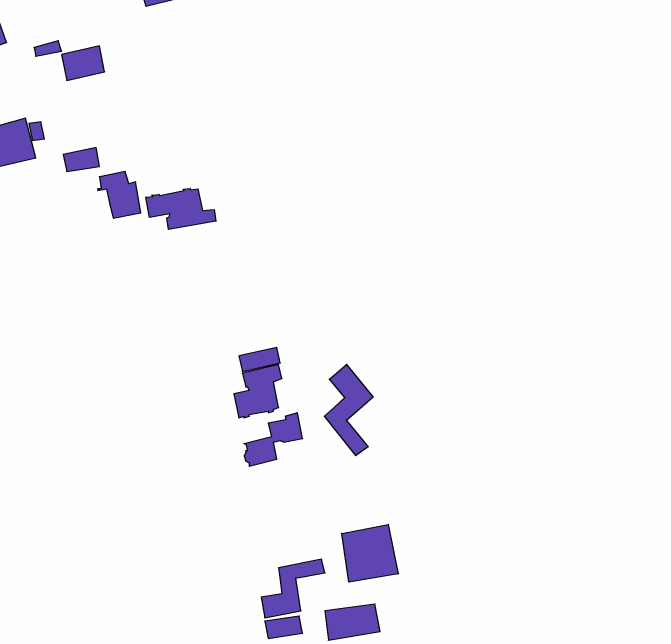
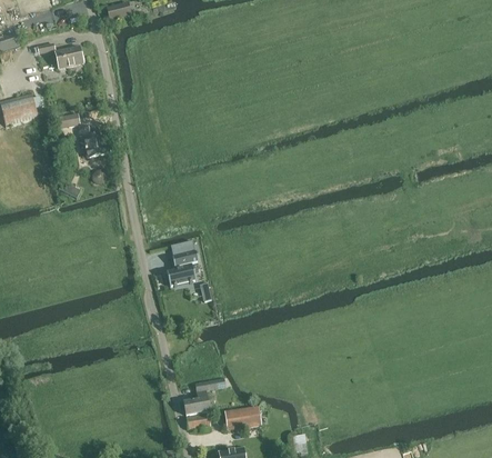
building: [146,188,216,229] -> none
building: [324,364,373,456] -> none
building: [342,524,398,582] -> none

